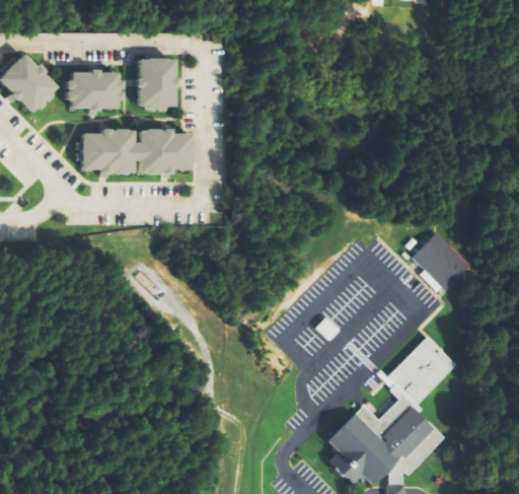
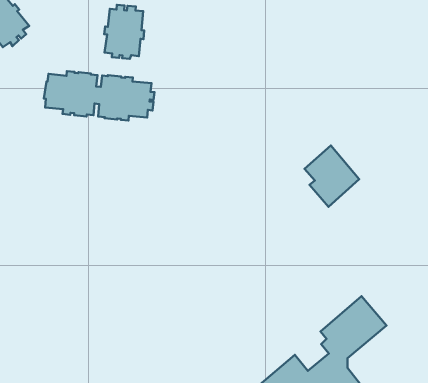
building: [63,69,119,111] -> none
building: [416,230,474,295] -> [304,146,359,207]

